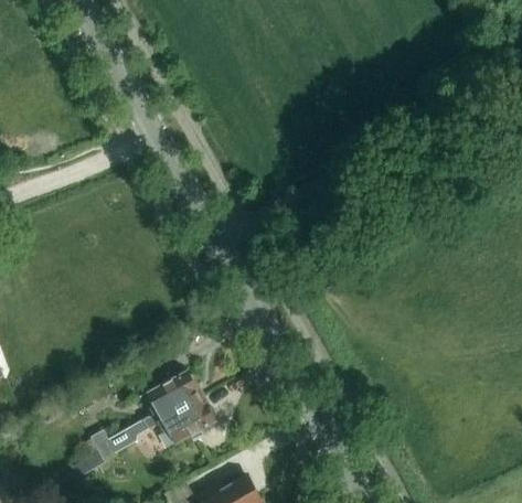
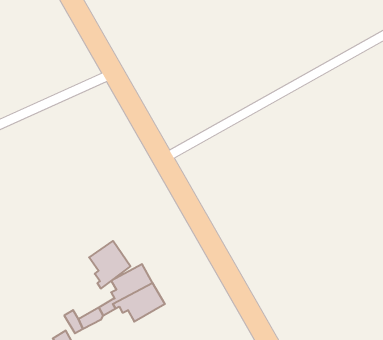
building: none -> [89,241,130,289]

